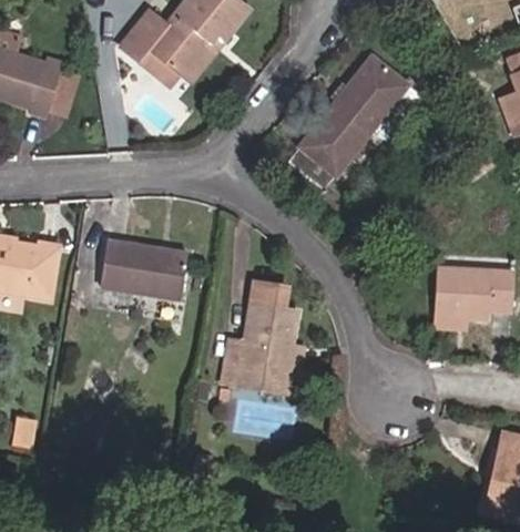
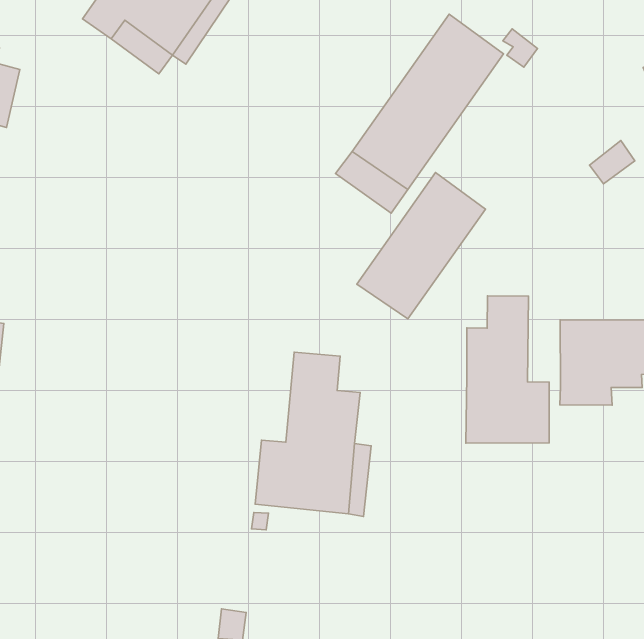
building: none -> [357,173,485,319]
building: [100,241,187,297] -> none
building: none -> [466,296,549,443]

